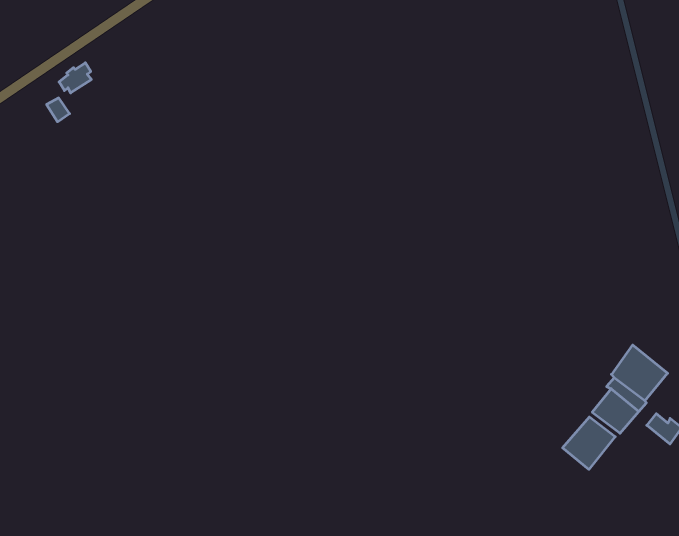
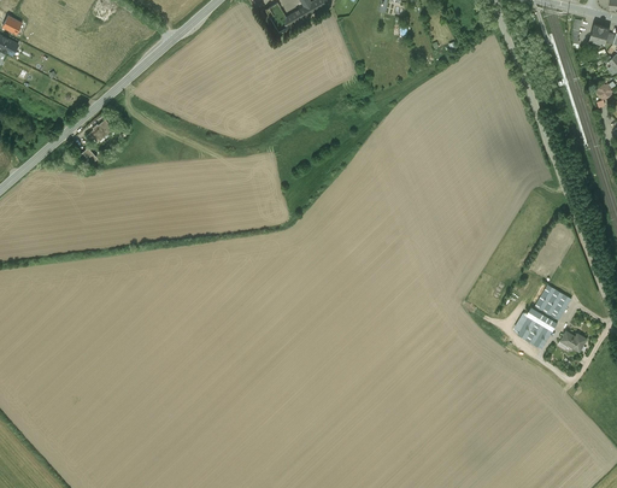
building: [563,417,615,469] -> none

